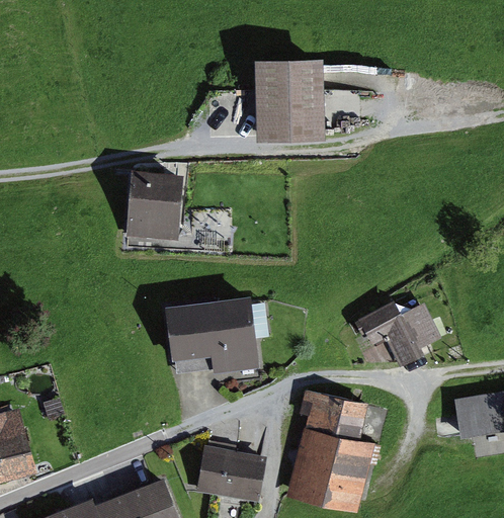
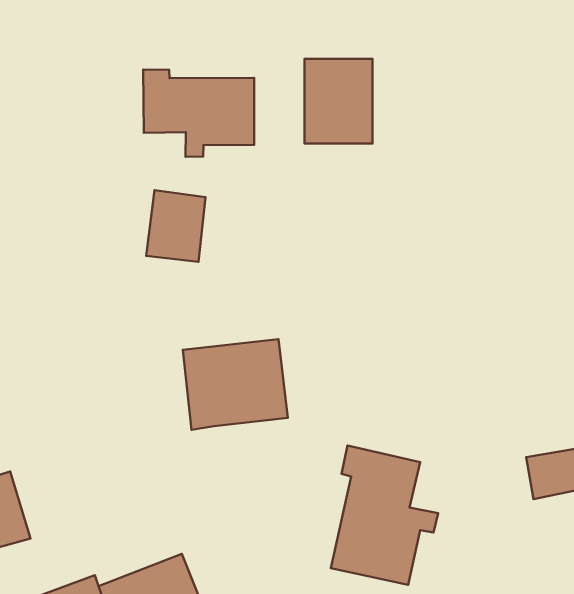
building: none -> [143,70,254,157]
building: [356,300,438,363] -> none
building: [200,448,265,498] -> none

